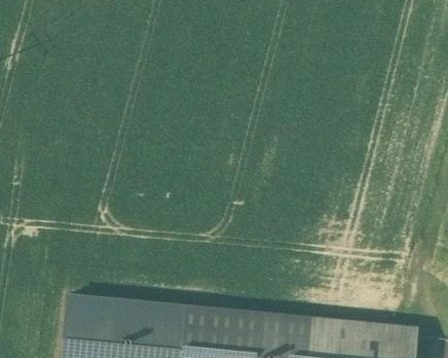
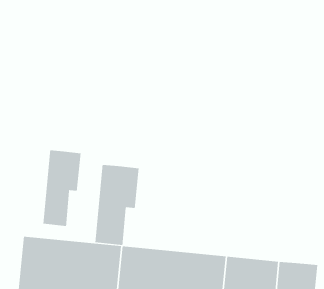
building: none -> [43,150,81,227]
building: none -> [95,164,139,246]

